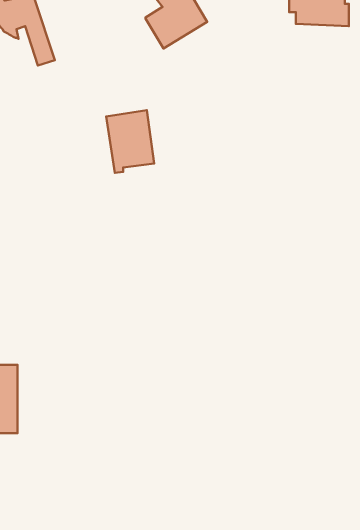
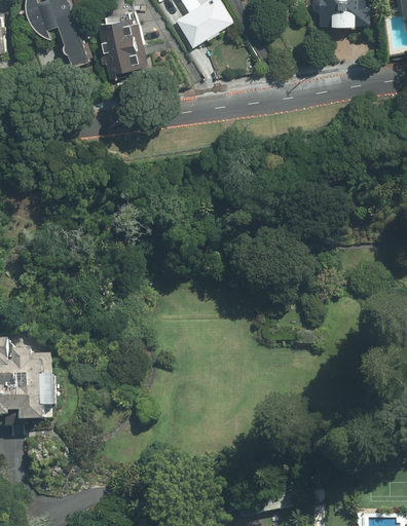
building: [106,110,154,173] -> [101,17,147,78]

